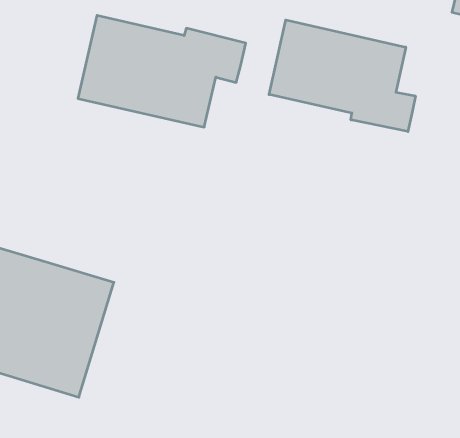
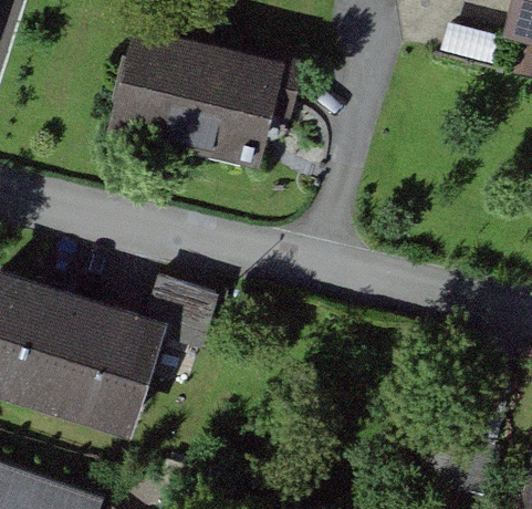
building: [269,20,415,132] -> none

